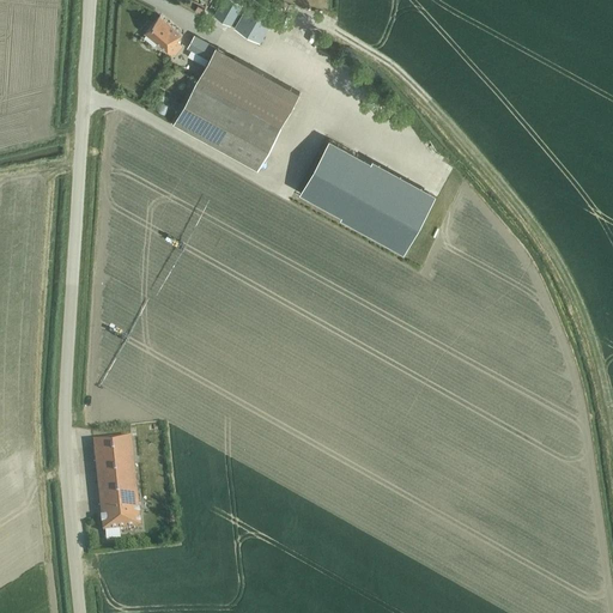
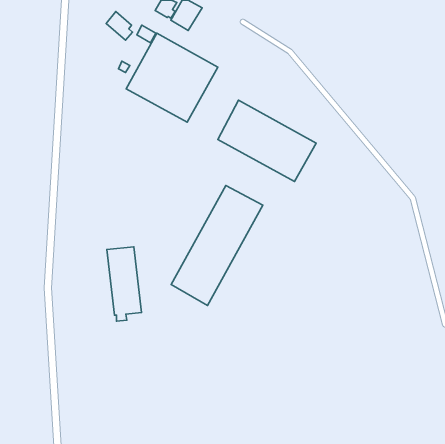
building: none -> [171,186,263,305]
building: [93,441,141,542] -> [107,247,142,321]

